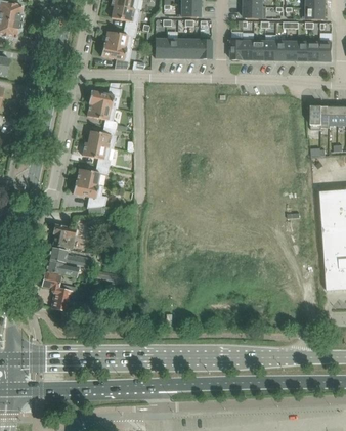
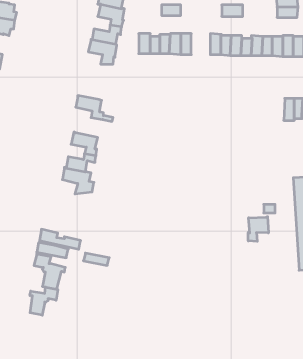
building: [88,83,121,107] -> none
building: [87,127,116,149] -> none
building: [52,224,76,249] -> none
building: none -> [248,217,268,241]
building: none -> [30,287,58,315]

